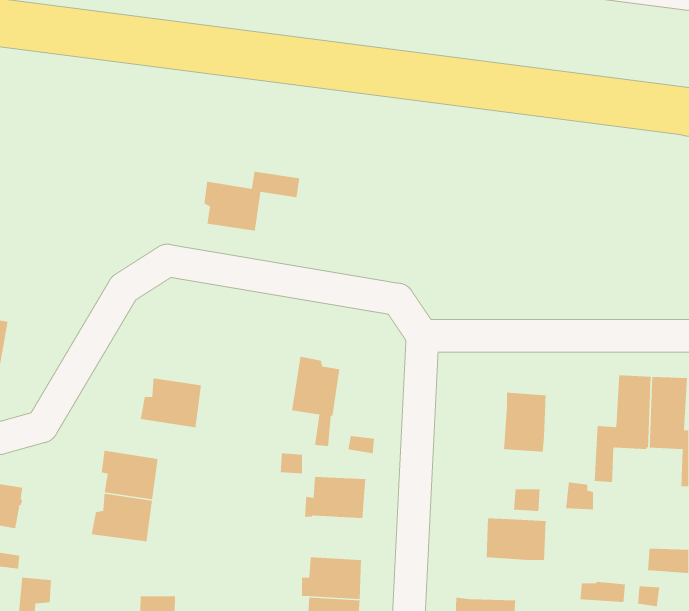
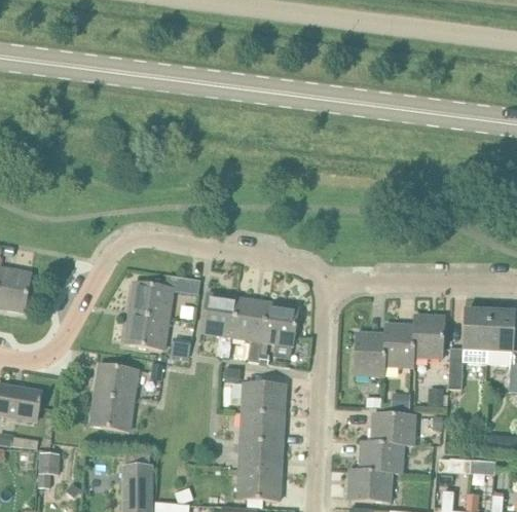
building: [204,171,300,231] -> [132,275,200,318]
building: none -> [202,292,238,358]
building: none -> [262,304,299,345]
building: none -> [413,315,444,356]
building: none -> [355,332,385,375]
building: none -> [241,411,284,442]
building: none -> [360,441,403,471]

